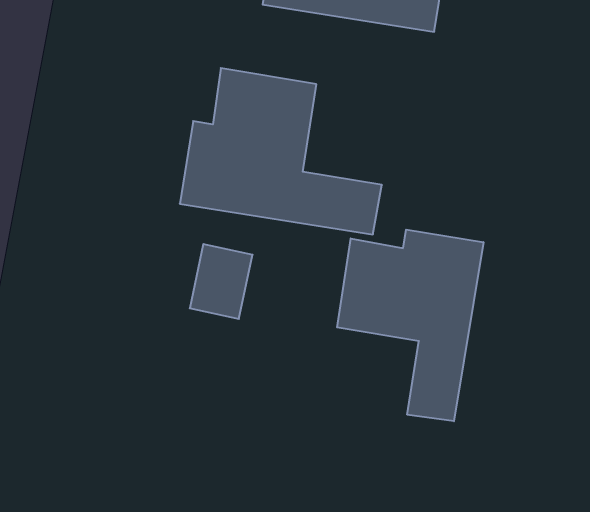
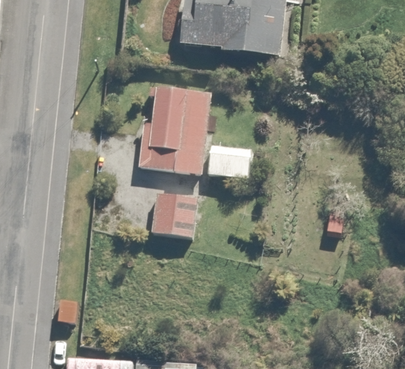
building: [337,230,483,421] -> none

